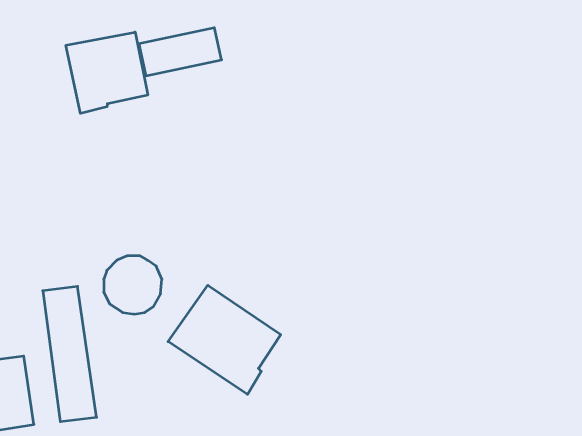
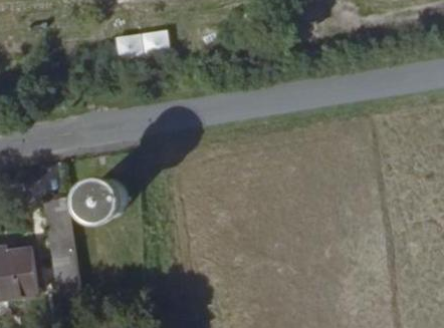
building: [66,32,148,113] -> none
building: [168,285,281,394] -> none

